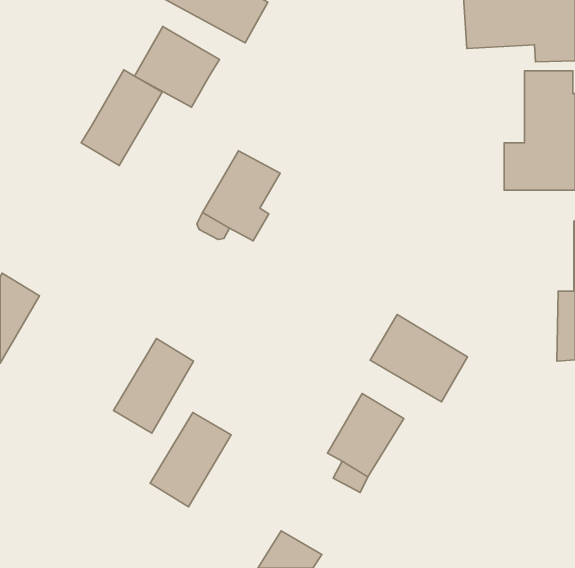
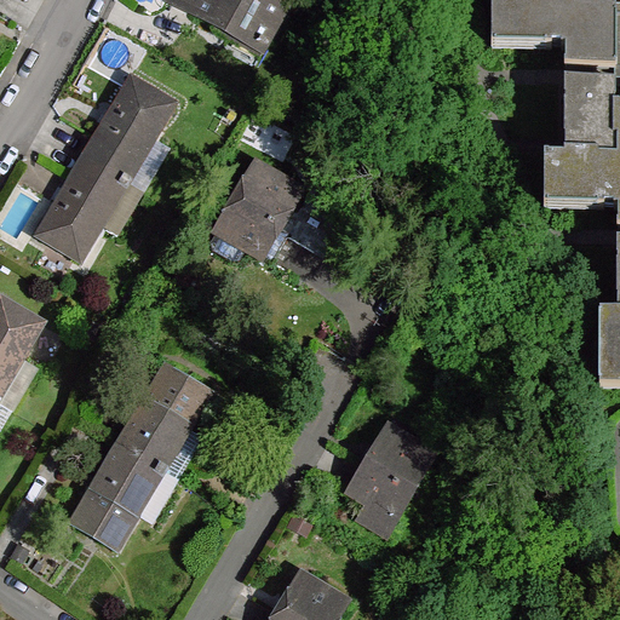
building: [134,27,219,107] -> none
building: none -> [41,154,128,256]
building: [370,314,467,402] -> none
building: [150,412,231,507] -> [76,442,163,544]

